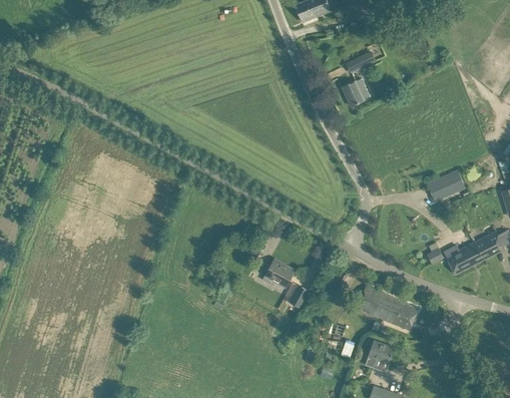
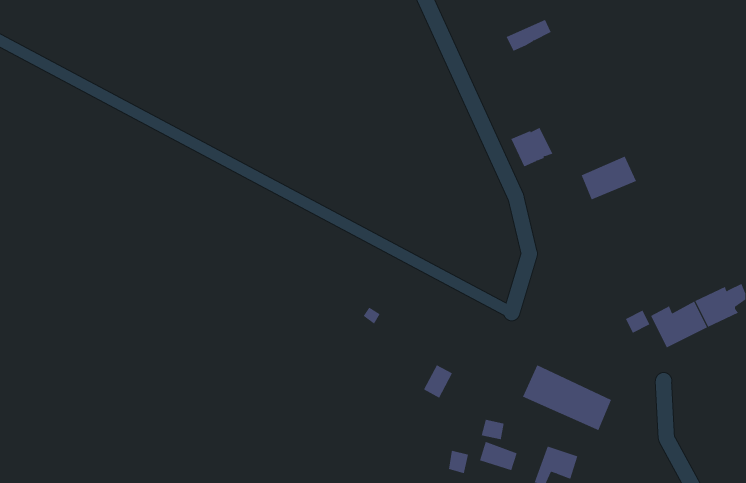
building: [342,78,371,105] -> [511,127,553,167]
building: [428,170,466,201] -> [581,156,637,200]
building: [263,260,296,286] -> none

